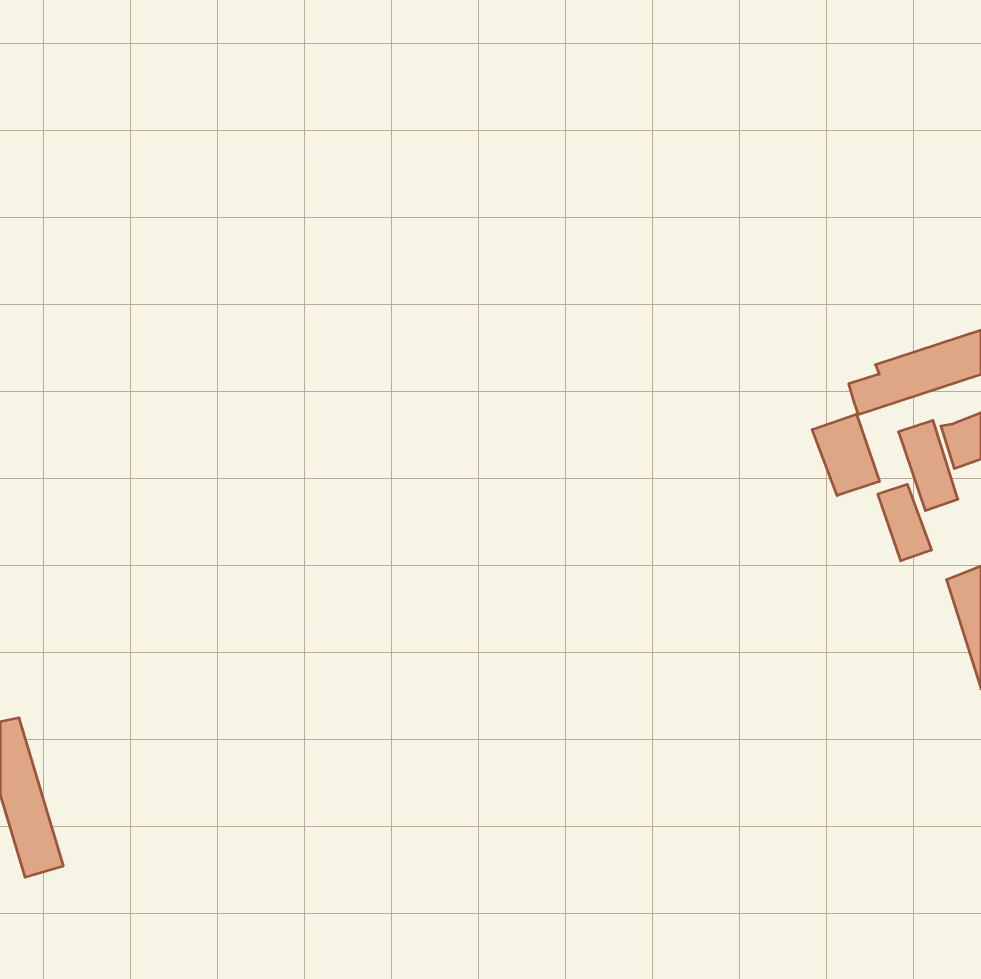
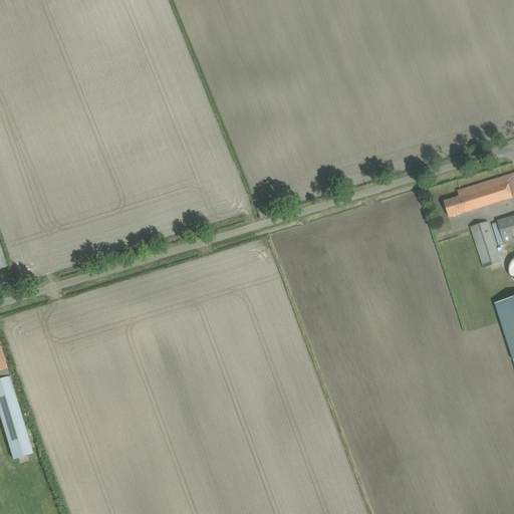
building: [812,414,879,496] -> none
building: [878,484,931,561] -> none

